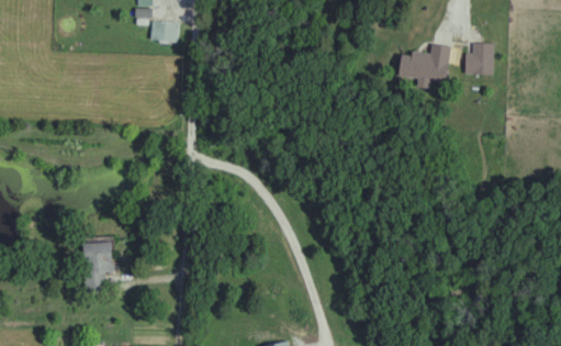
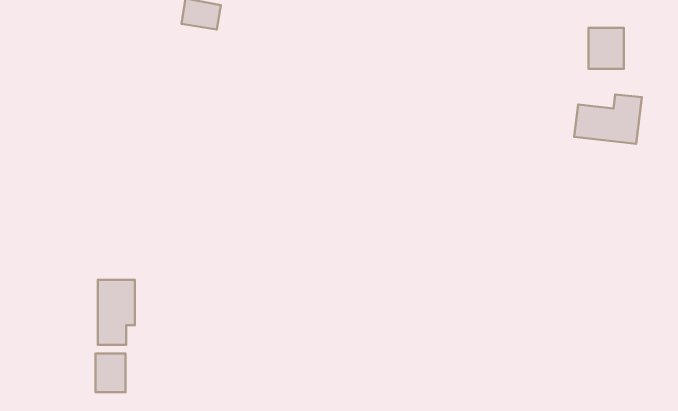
building: [399,44,451,82] -> [574,94,642,144]
building: none -> [95,354,126,392]

